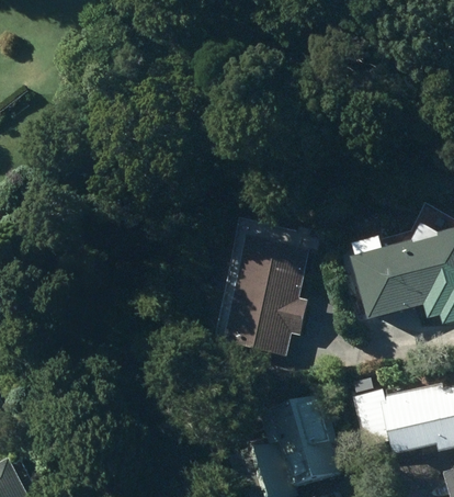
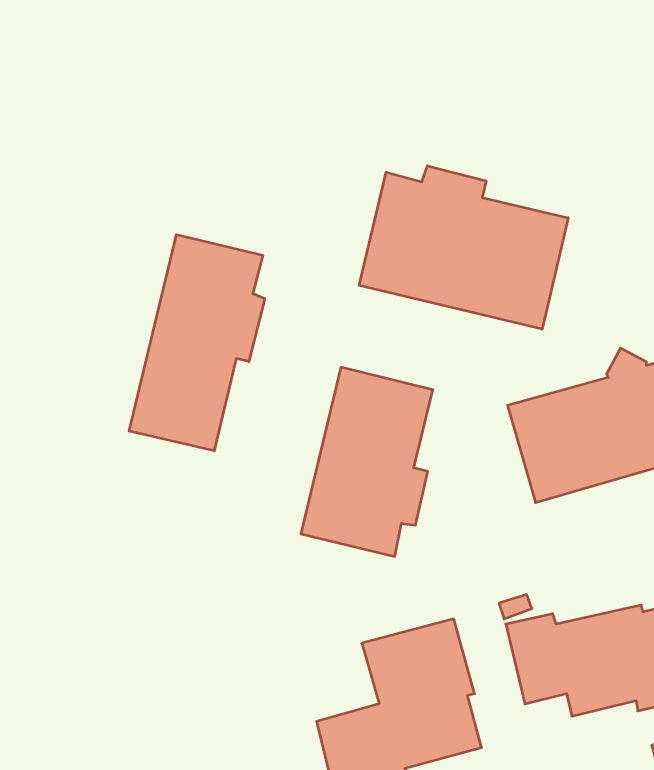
building: none -> [359,166,568,329]
building: none -> [129,235,265,451]

